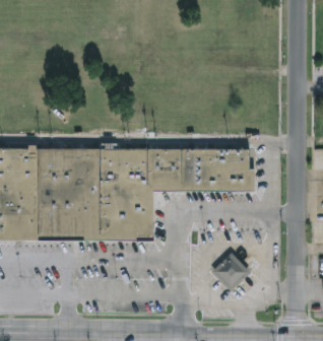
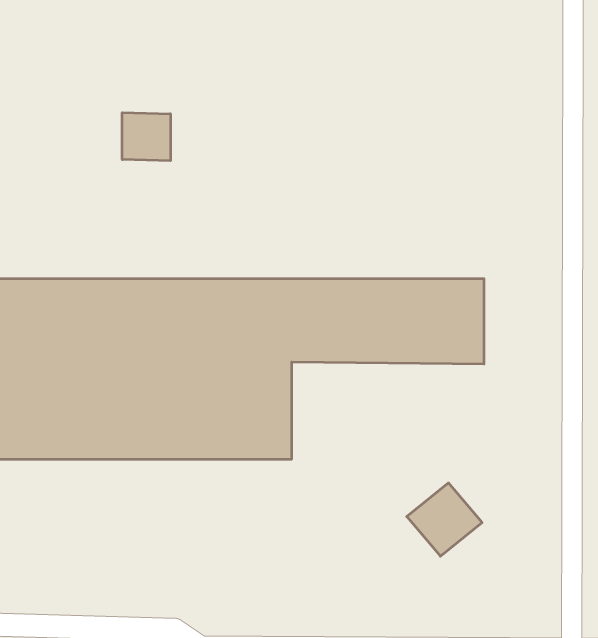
building: none -> [122,113,170,161]

